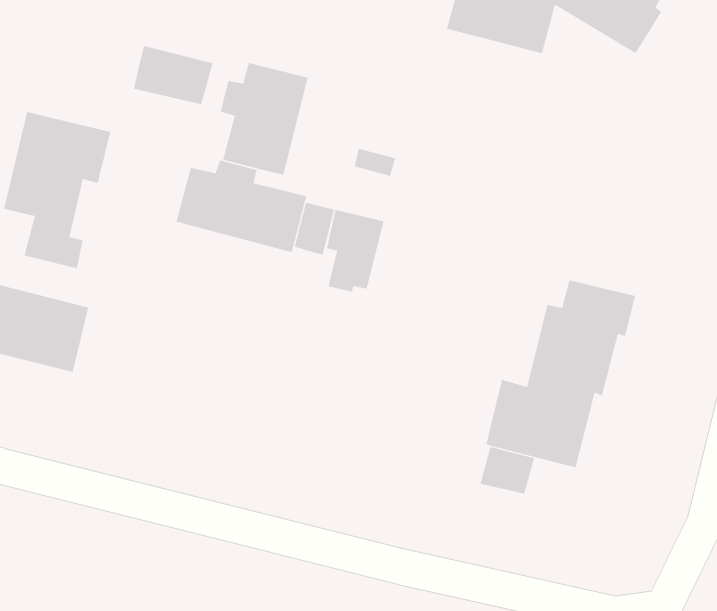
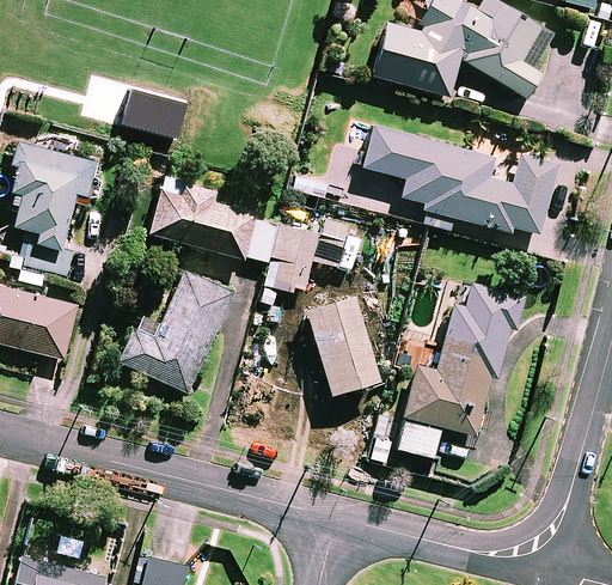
building: [220,62,308,176] -> none
building: none -> [362,126,559,236]
building: none -> [120,270,233,394]
building: none -> [289,297,387,395]

